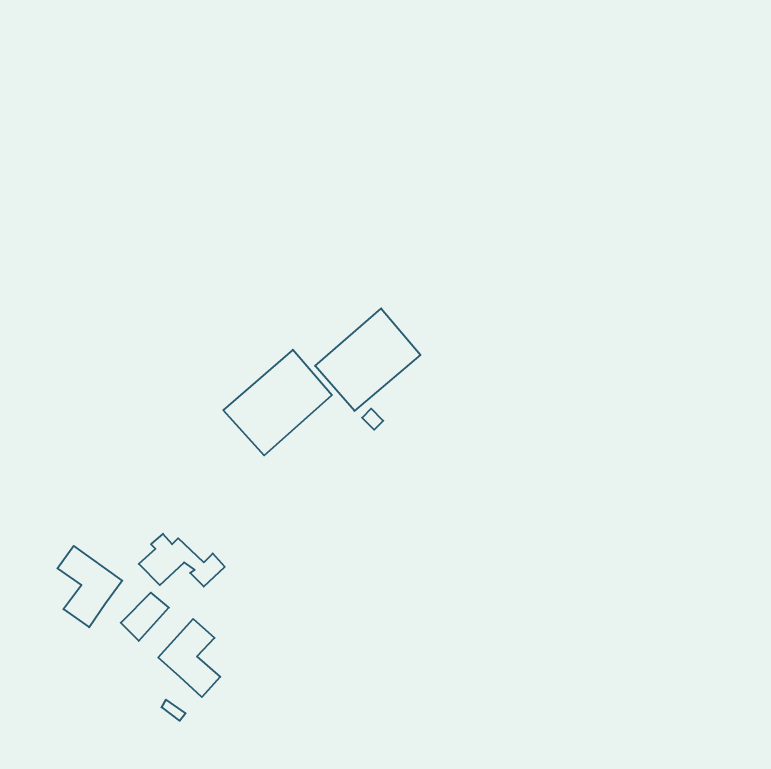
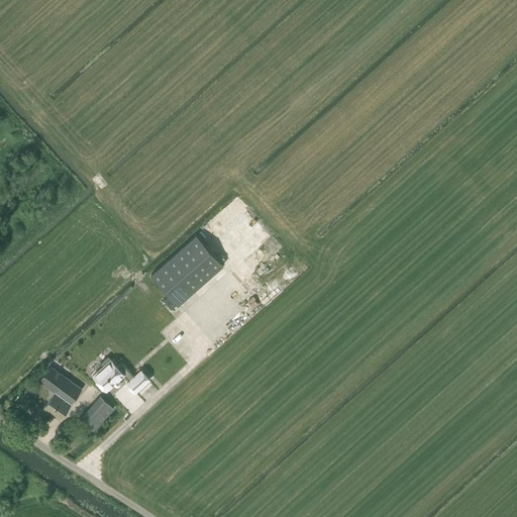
building: [315,308,420,411] -> none
building: [158,619,220,697] -> none

